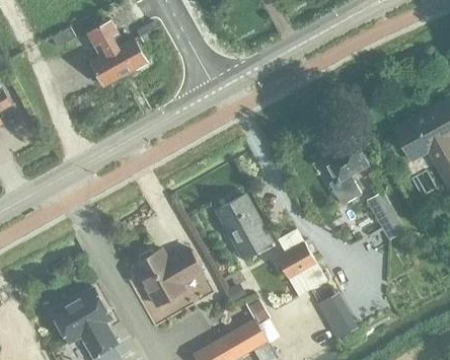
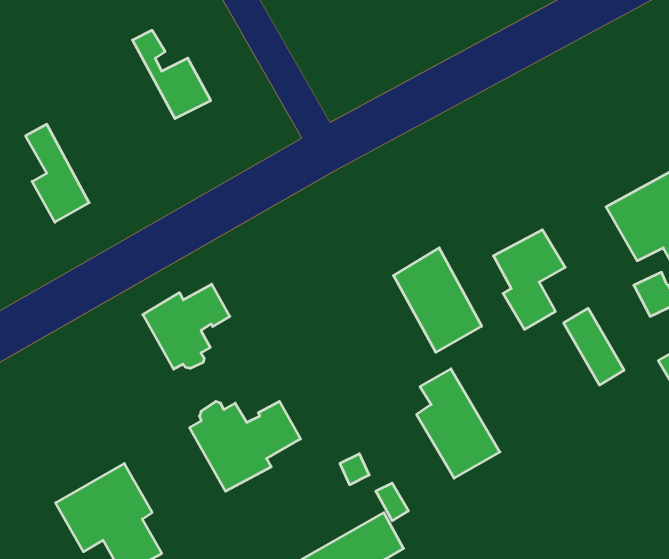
building: [86,26,126,87] -> [26,124,89,222]
building: none -> [143,284,230,369]
building: [217,196,272,261] -> [393,248,482,352]
building: [321,291,358,336] -> none

